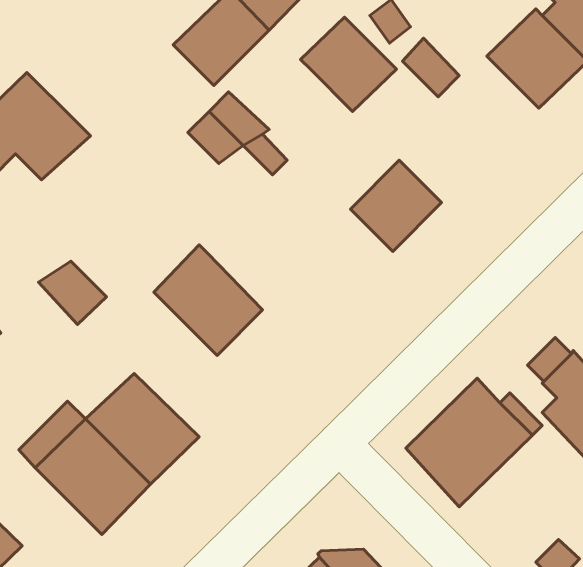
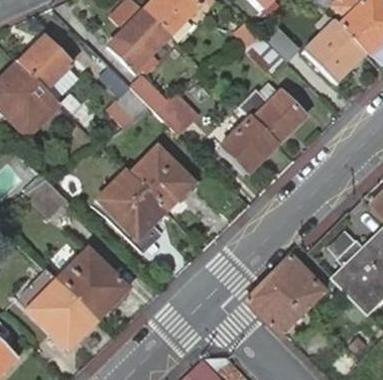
building: [301,17,397,112] -> [243,86,302,144]
building: none -> [18,37,83,103]
building: none -> [130,150,192,211]

